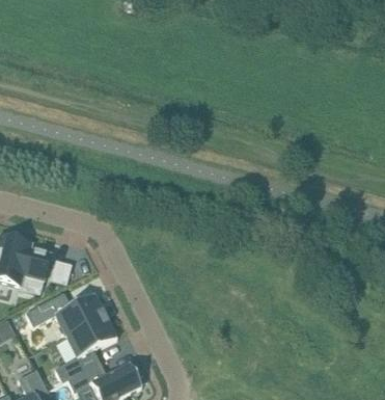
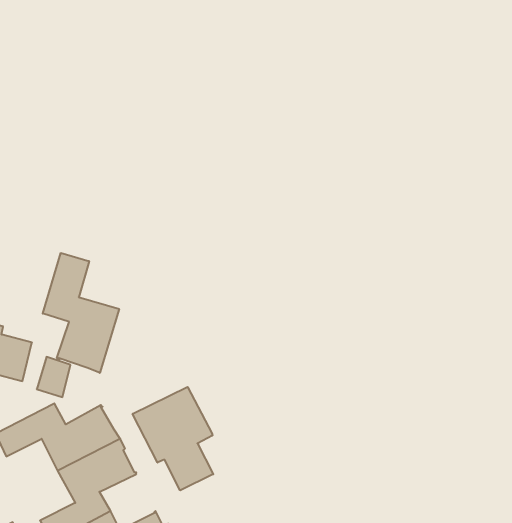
building: none -> [43,253,119,373]
building: none -> [133,387,213,490]

